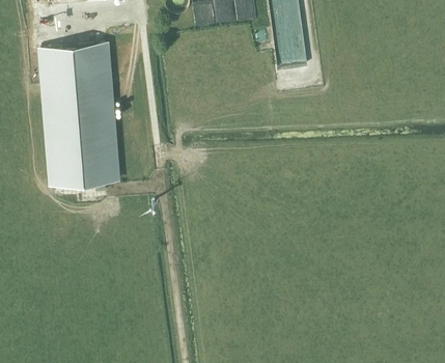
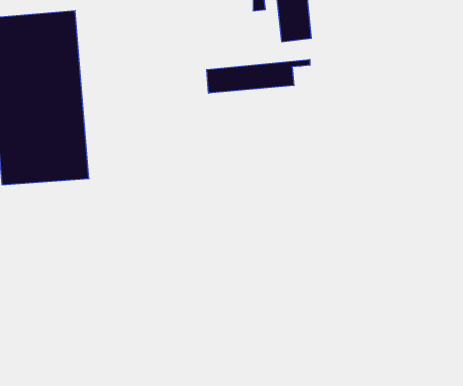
building: none -> [207,59,310,93]

